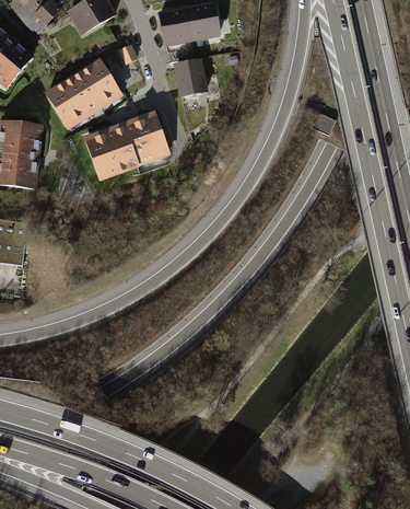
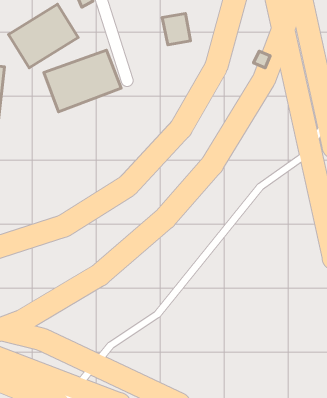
building: [175,59,207,94] -> [162,13,190,45]

